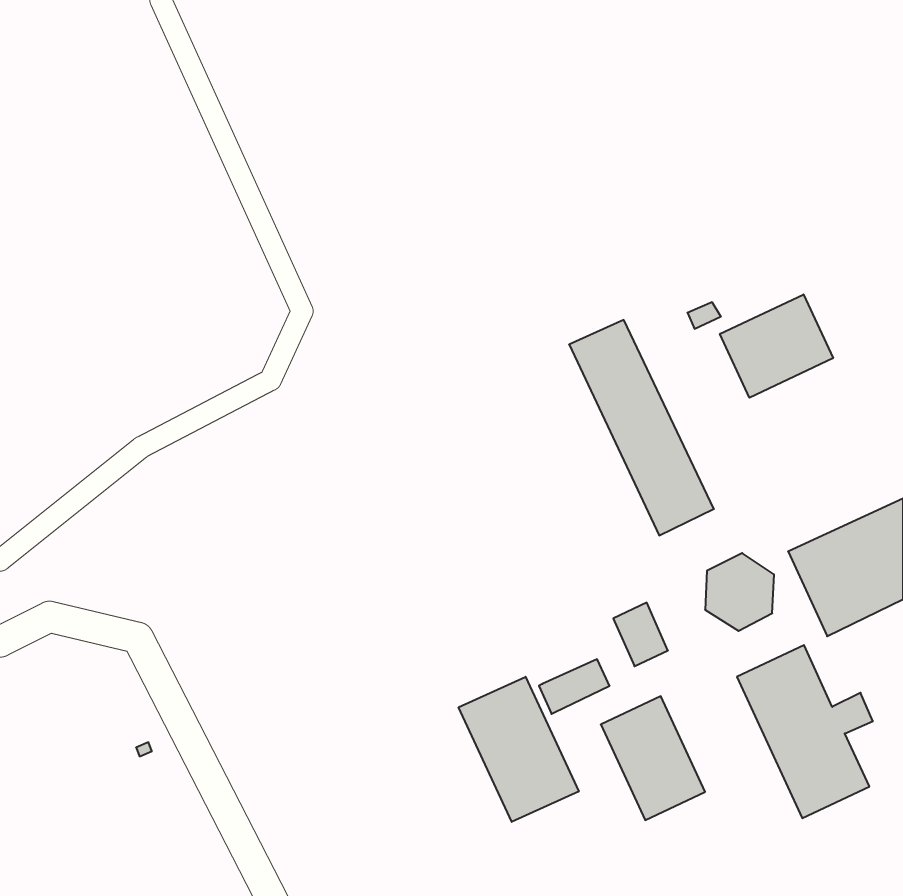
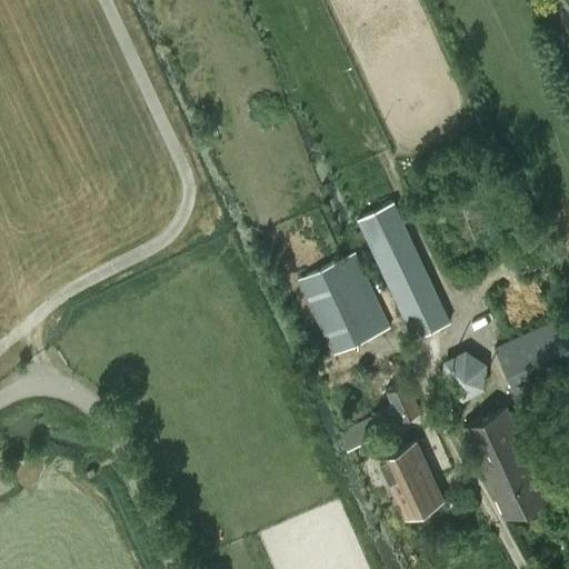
building: [720,294,833,398] -> none
building: none -> [301,256,390,356]
building: [459,677,579,822] -> none

